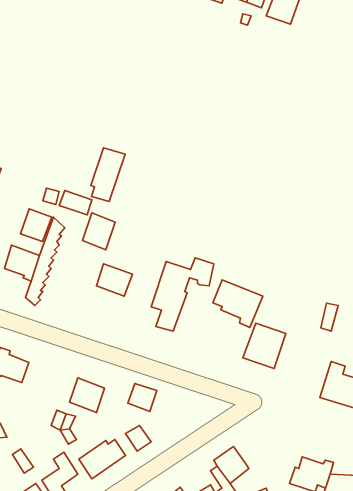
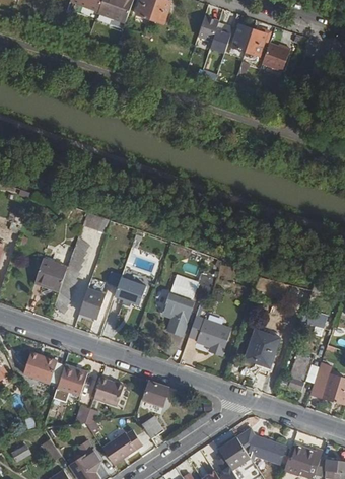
building: [91,148,125,202] -> none
building: [21,209,52,242] -> none
building: [83,213,115,250] -> [79,288,108,321]
building: [213,280,263,327] -> [189,317,232,358]
building: none -> [287,358,305,391]
building: none -> [56,368,84,395]
building: none -> [234,428,283,464]

